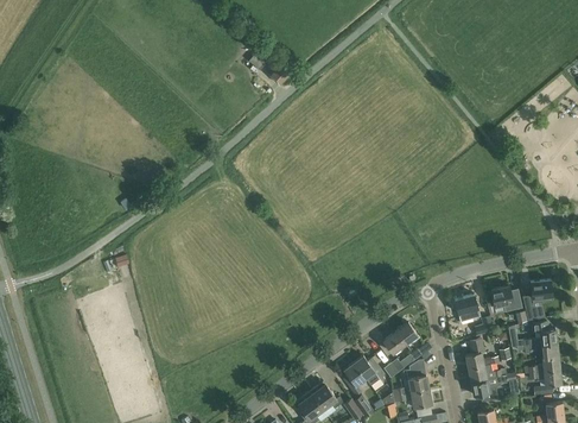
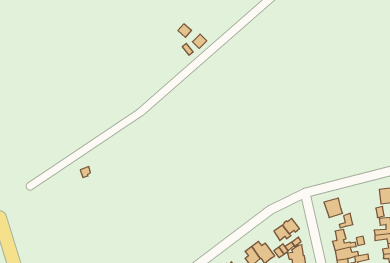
building: [490,286,522,311] -> none

